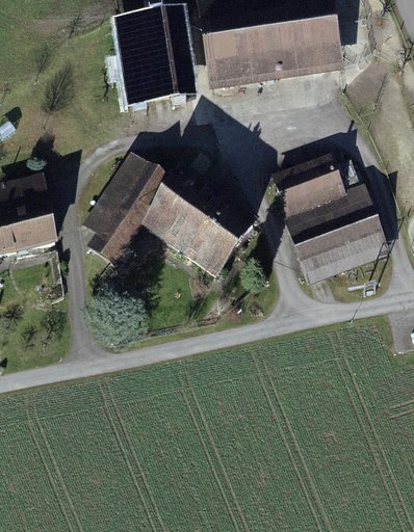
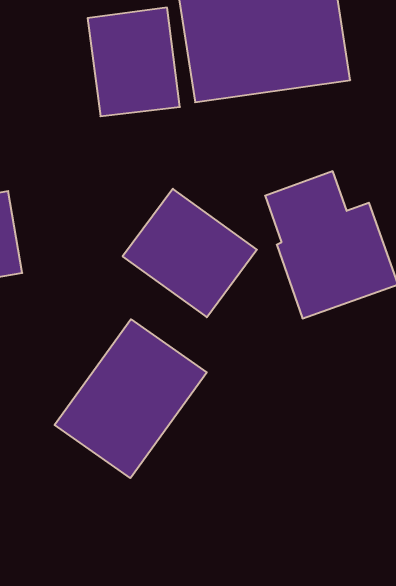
building: [82,150,172,264] -> none
building: none -> [55,319,207,478]

